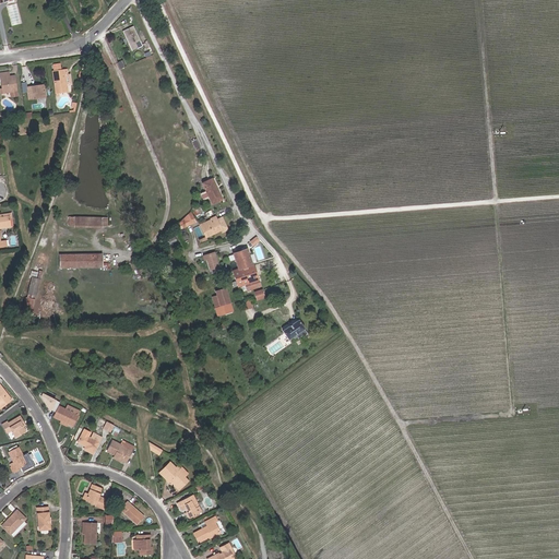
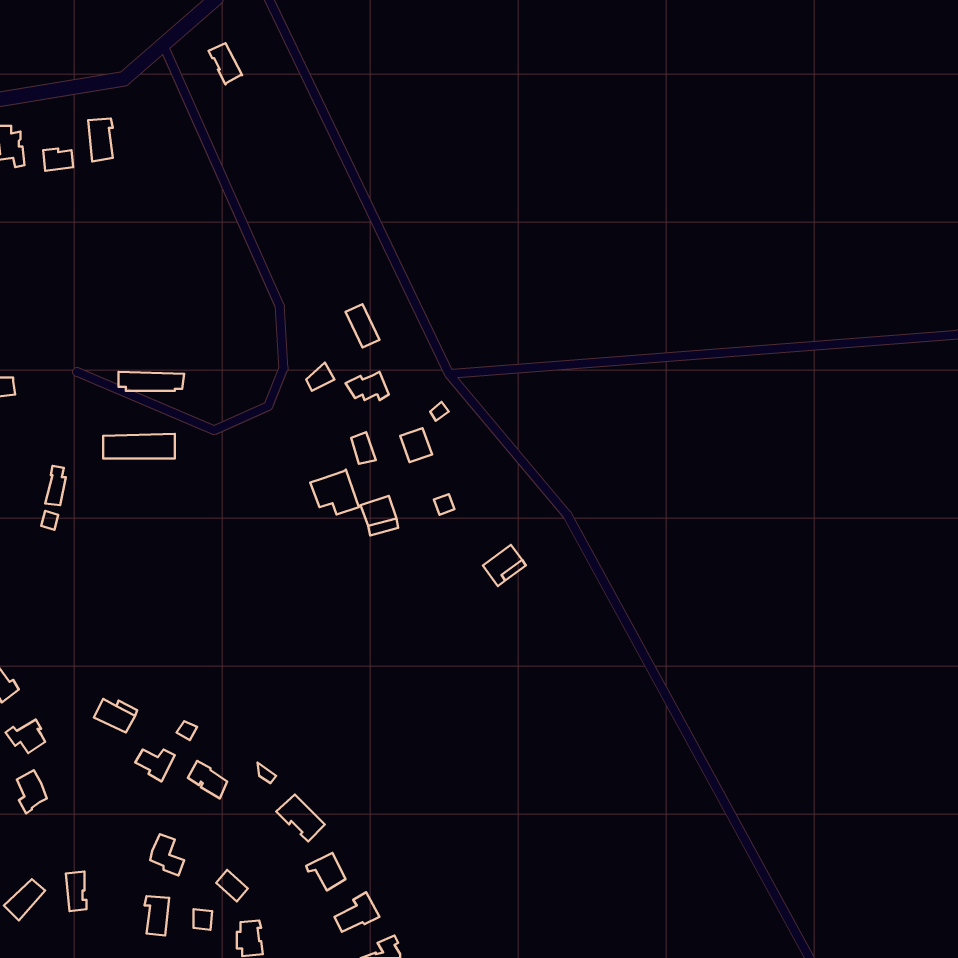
building: [231,263,260,289] -> [310,469,359,515]

